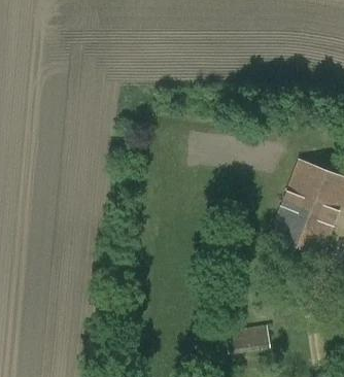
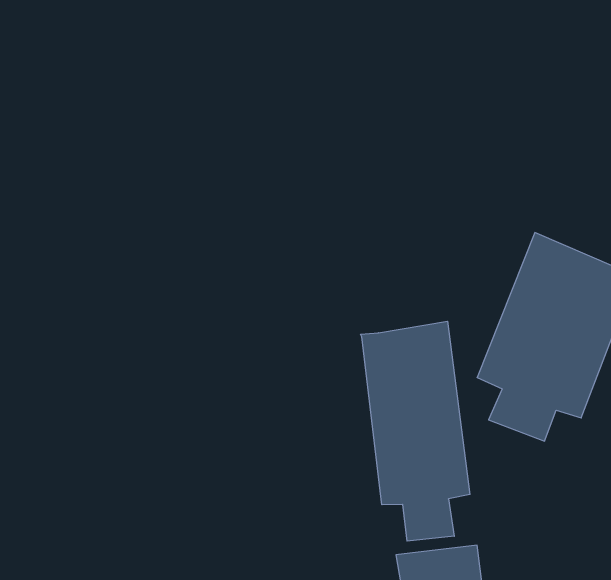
building: none -> [361,321,470,541]

